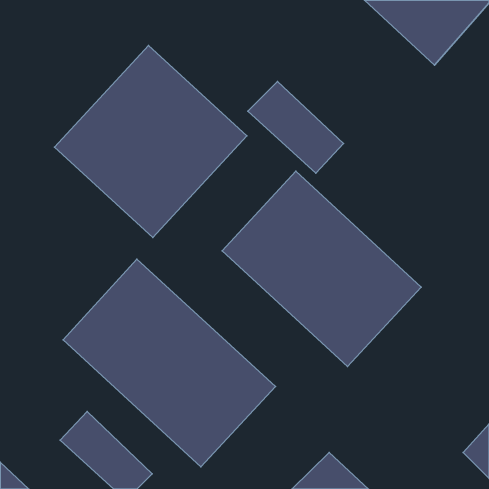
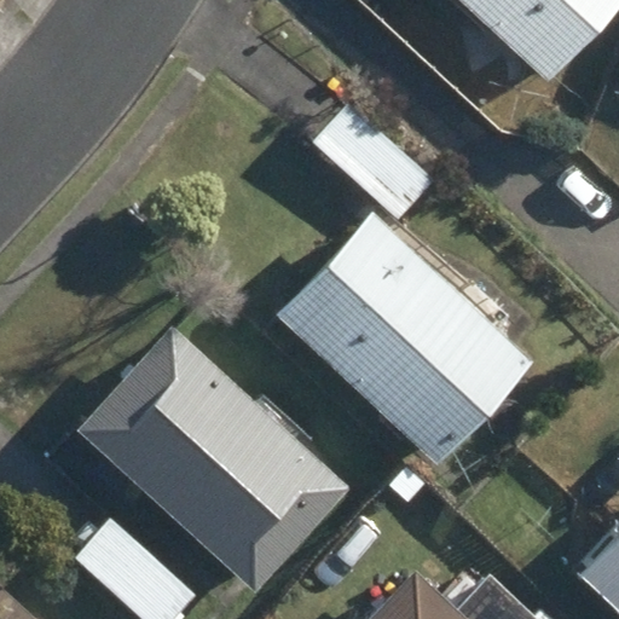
building: [55,46,247,238] -> none

